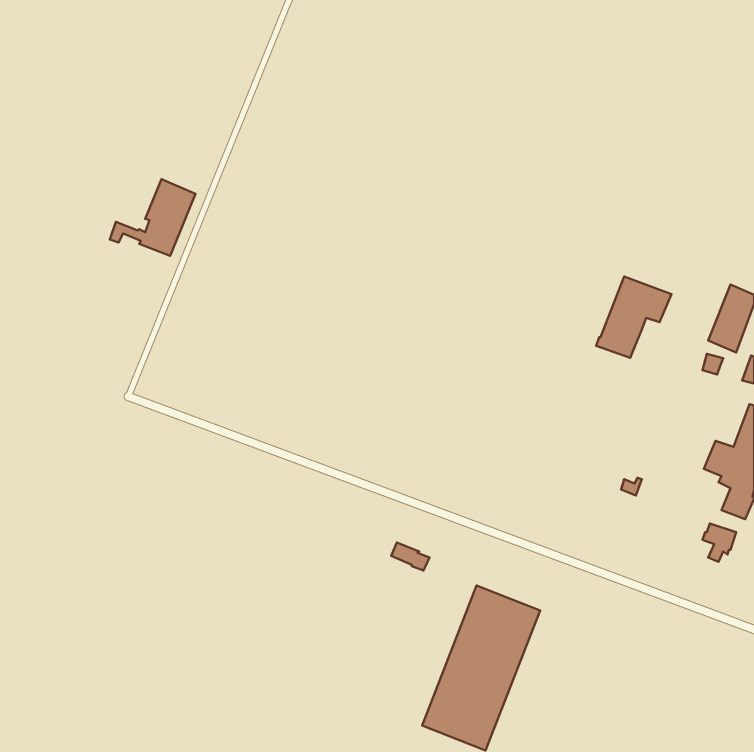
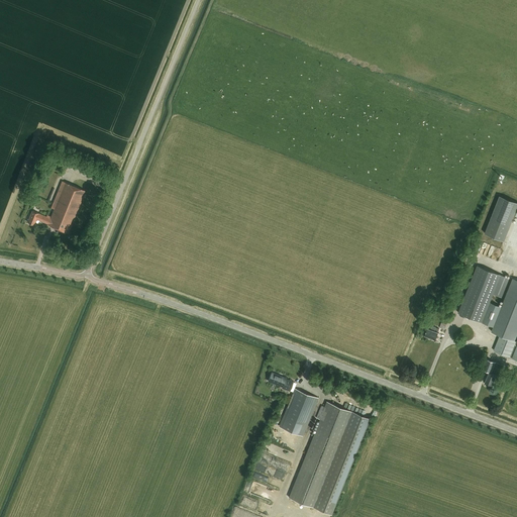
building: [110,179,195,256] -> [27,182,86,234]
building: [596,277,671,358] -> [458,267,510,322]
building: none -> [279,390,317,436]

